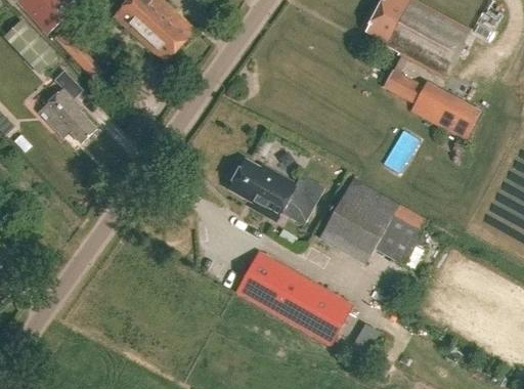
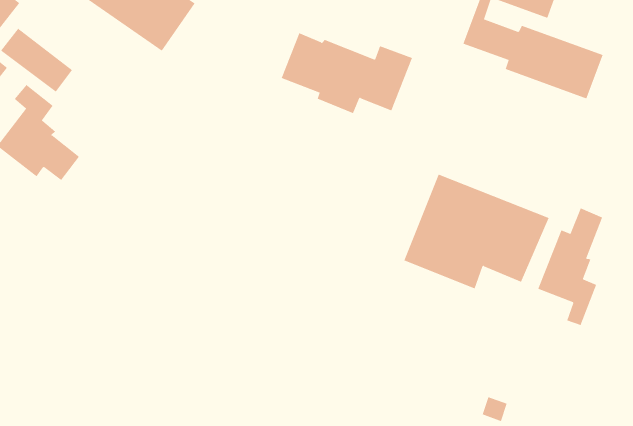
building: [227,158,323,223] -> [281,33,413,114]
building: none -> [537,208,603,326]
building: [234,249,352,342] -> none

